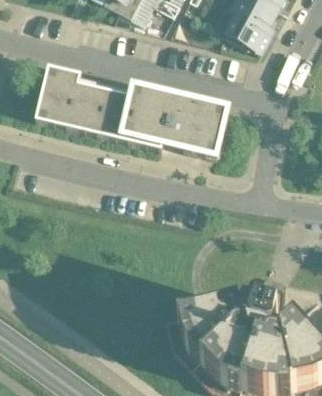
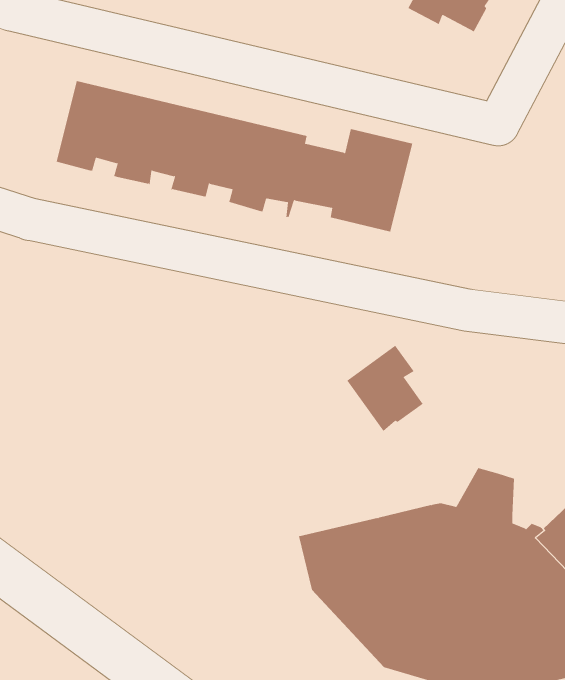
building: none -> [341,345,424,432]

